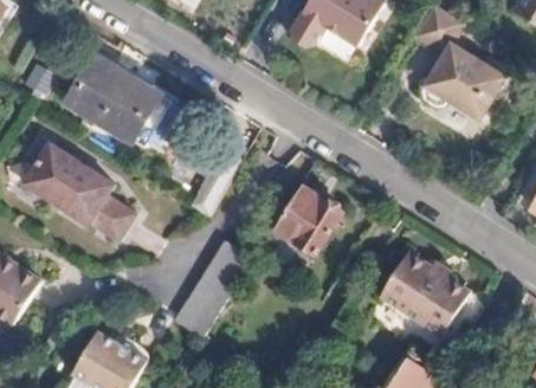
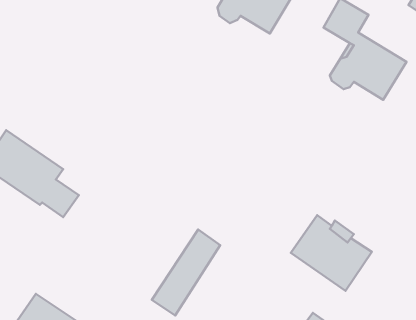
building: [67,58,170,151] -> none
building: [276,192,336,253] -> none
building: [170,244,247,341] -> [152,230,220,316]

